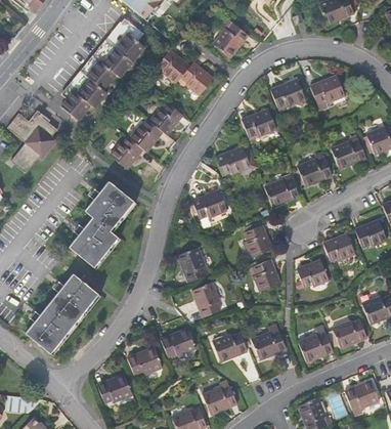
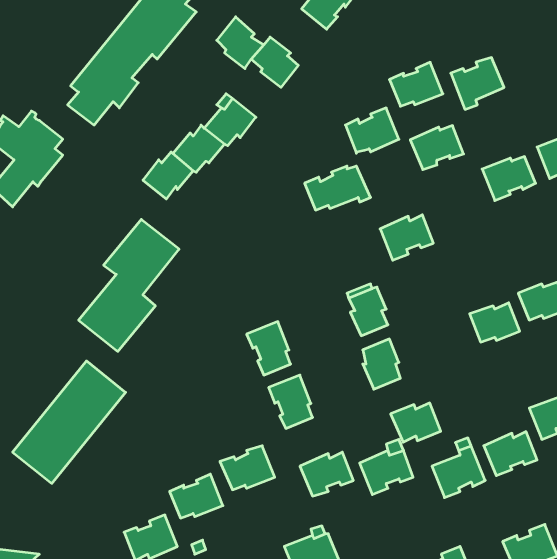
building: [297,157,332,185] -> [410,126,464,170]
building: [191,189,227,218] -> none
building: [296,261,329,287] -> [391,403,441,442]

